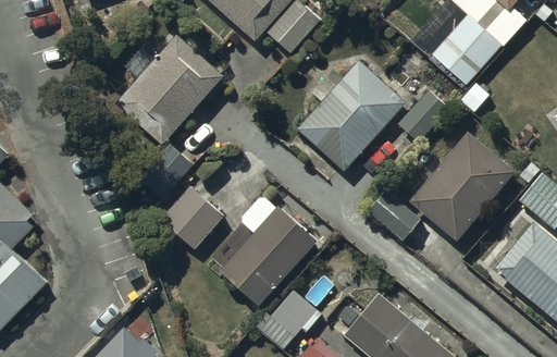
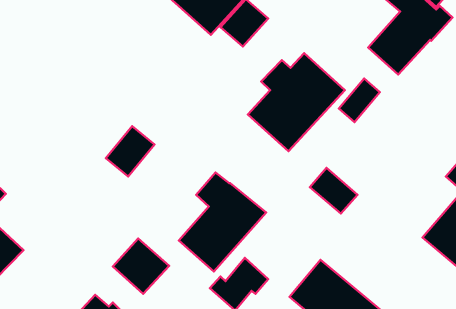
building: [115,35,223,145] -> none
building: [410,132,513,243] -> none
building: [160,186,223,248] -> [113,239,169,294]

